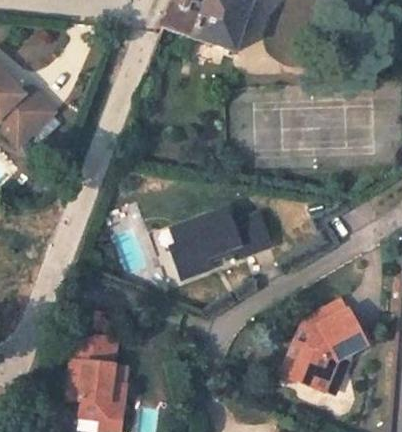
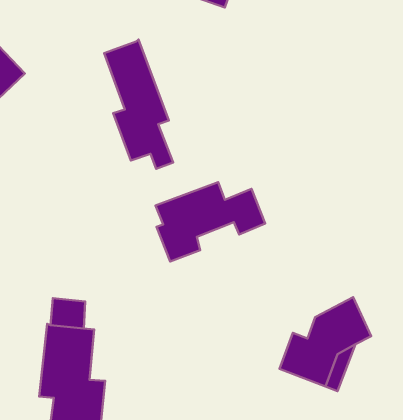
building: none -> [104,40,173,169]
building: [294,299,348,347] -> none

